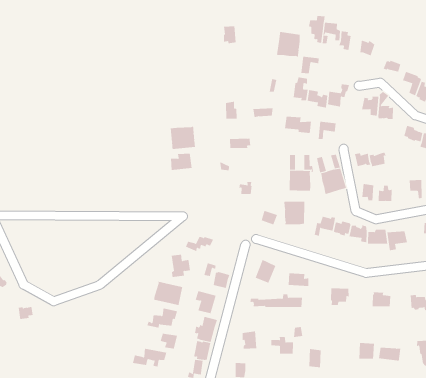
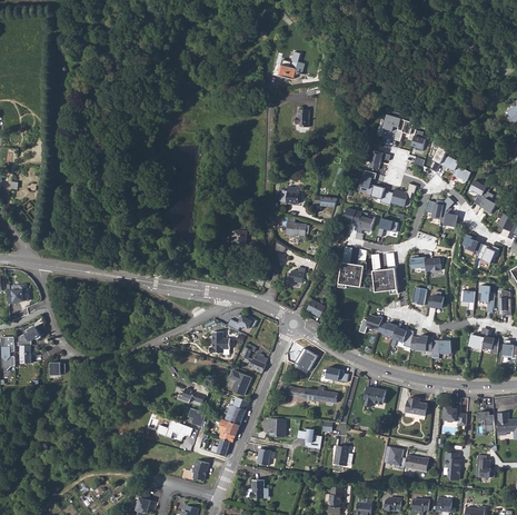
building: [277,31,300,58] -> none
building: [170,126,196,150] -> none
building: [284,201,305,225] -> none
building: [154,281,183,306] -> none

